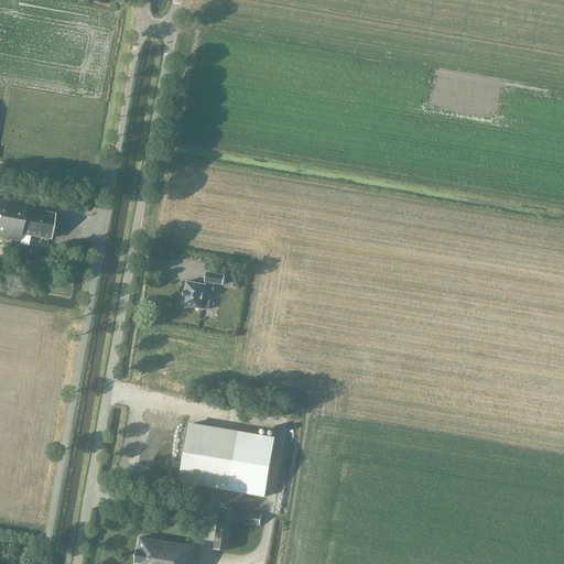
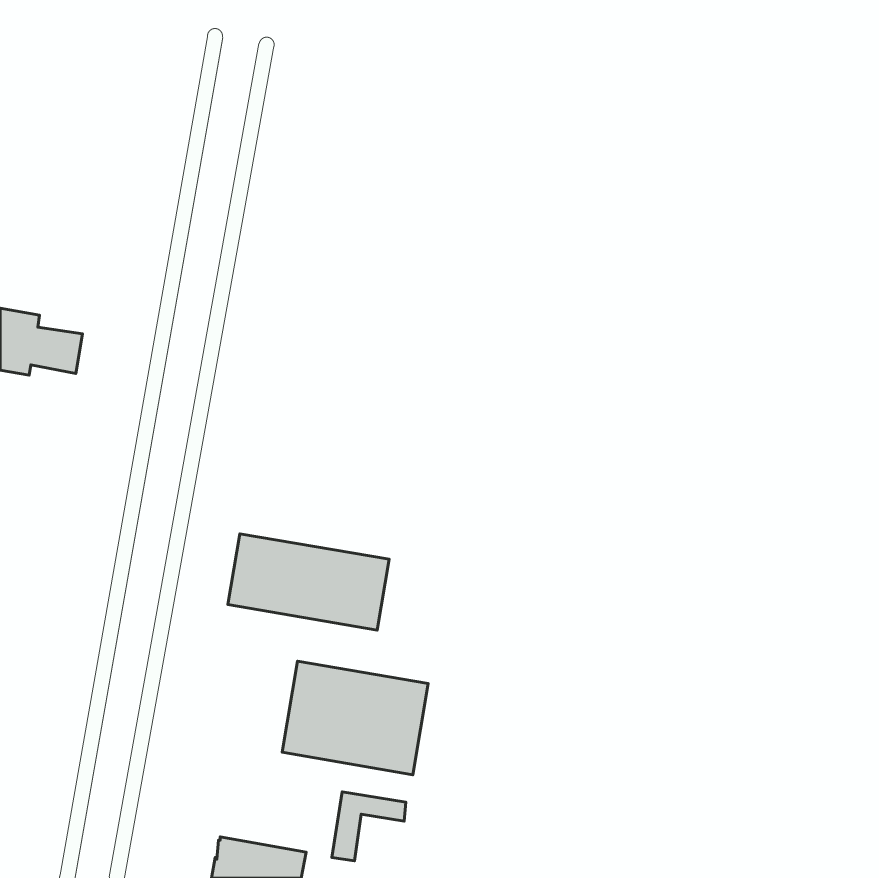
building: [181,271,224,308] -> none
building: none -> [228,534,389,630]

